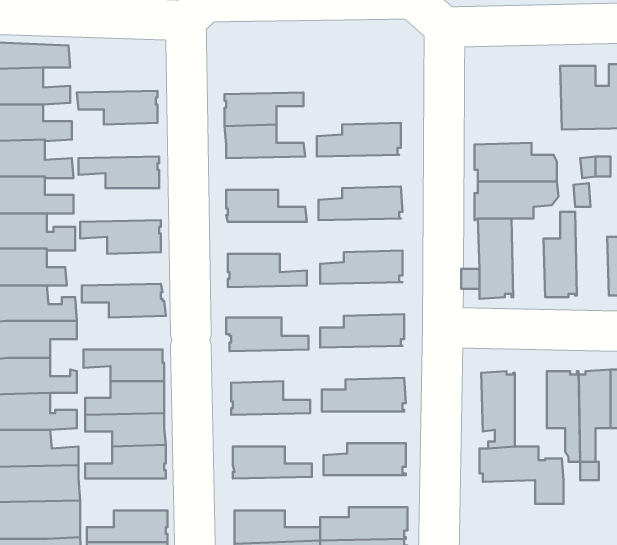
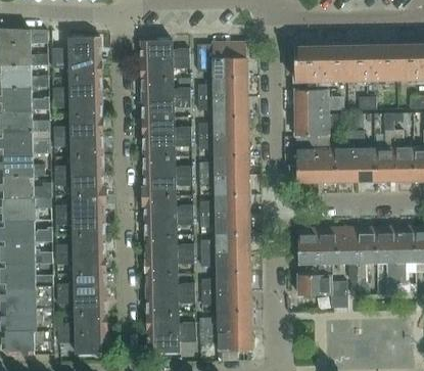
building: none -> [52,35,101,58]
building: none -> [141,38,190,59]
building: none -> [295,42,347,82]
building: none -> [198,44,249,78]
building: none -> [53,77,102,98]
building: none -> [198,96,249,117]
building: none -> [143,97,191,118]
building: none -> [54,117,103,137]
building: none -> [356,131,376,183]
building: none -> [199,135,250,155]
building: none -> [317,135,337,183]
building: none -> [144,137,192,156]
building: none -> [55,155,103,176]
building: none -> [200,174,251,194]
building: none -> [143,176,193,195]
building: none -> [55,194,106,215]
building: none -> [200,213,251,233]
building: none -> [145,215,194,235]
building: none -> [319,228,338,274]
building: none -> [201,252,252,272]
building: none -> [146,253,194,274]
building: none -> [202,291,253,311]
building: none -> [147,292,195,313]
building: none -> [57,293,107,313]

